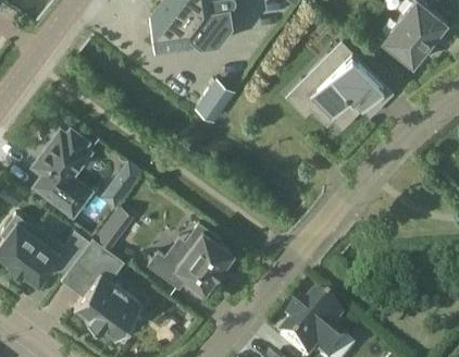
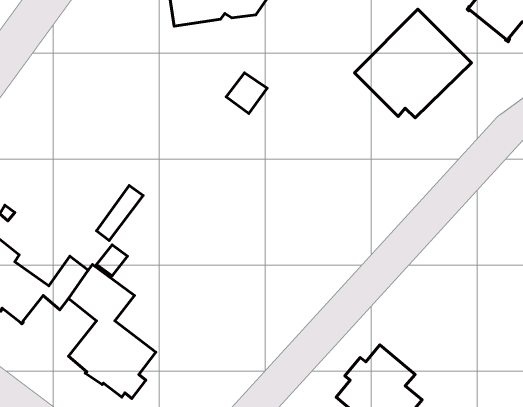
building: [35,127,91,213] -> none
building: [148,222,233,287] -> none

